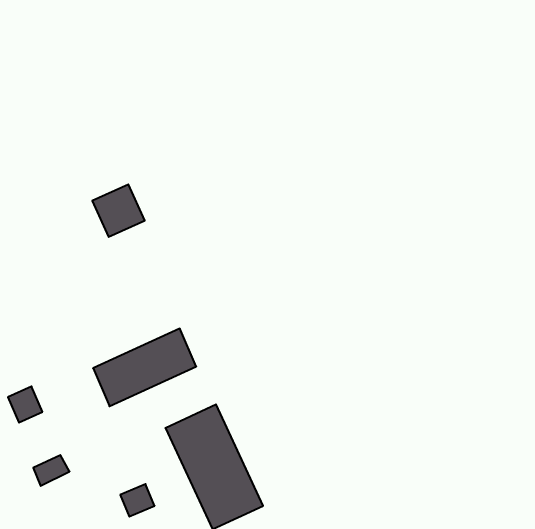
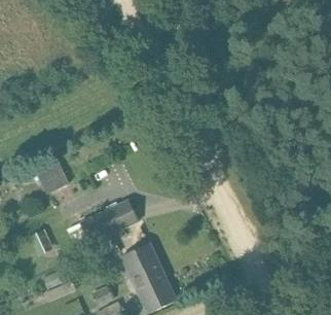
building: [92,184,145,237] -> [38,162,68,191]

